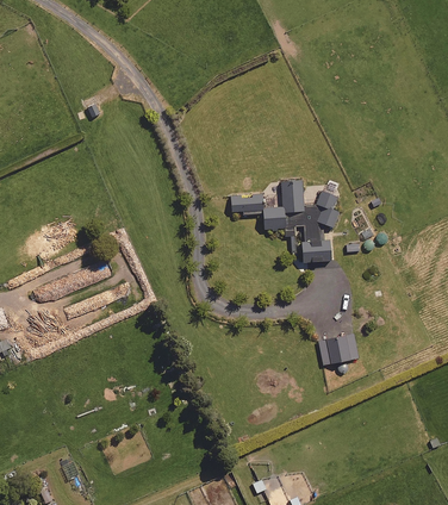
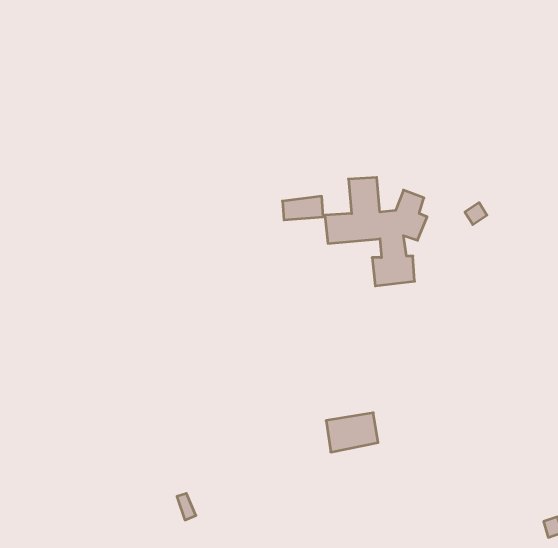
building: [317,333,356,363] -> [326,413,378,452]

